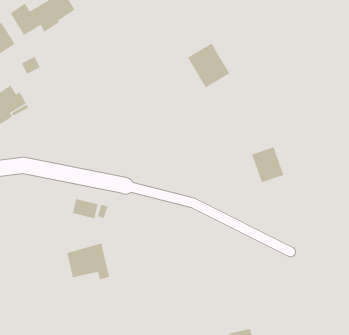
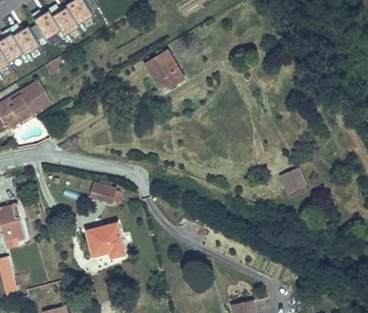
building: [187,43,230,88] -> [146,51,185,92]
building: [251,147,284,183] -> [277,164,307,197]

